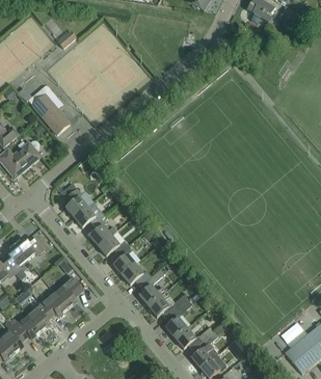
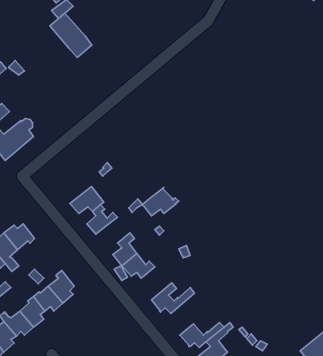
building: [32,93,71,134] -> [50,13,92,58]
building: [65,188,93,217] -> none
building: [98,229,131,255] -> [142,188,179,216]
building: [139,268,167,305] -> none
building: [165,299,192,337] -> none

